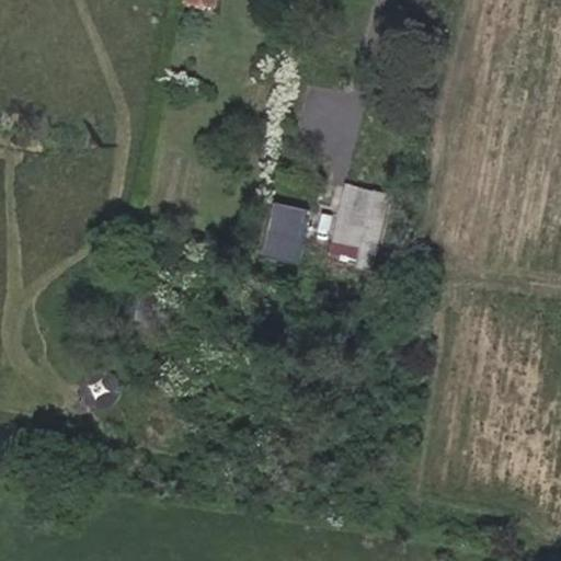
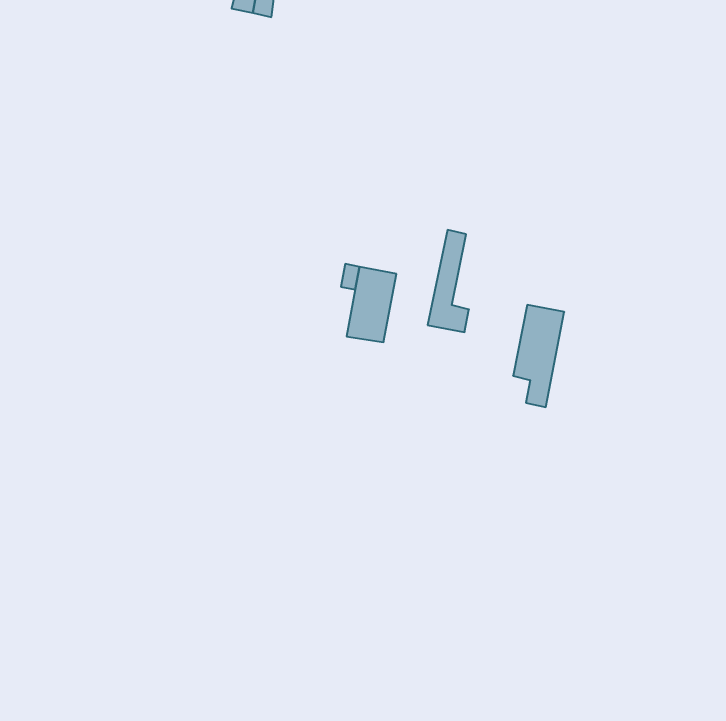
building: [348,181,388,260] -> [513,305,564,407]

